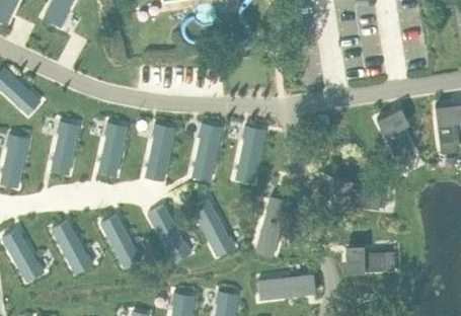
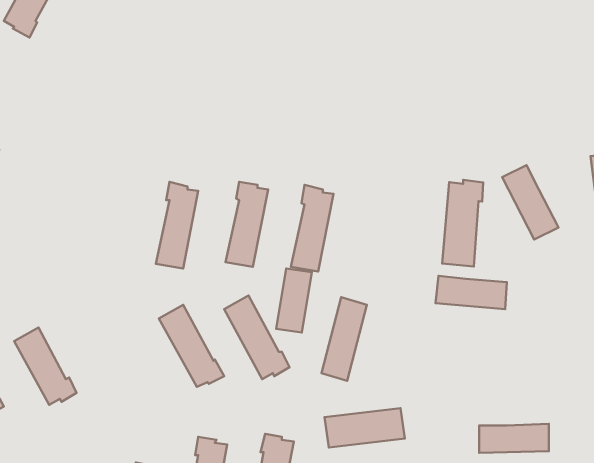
building: [51,121,79,174] -> none
building: none -> [442,180,483,267]
building: [99,122,127,175] -> none
building: none -> [276,268,312,333]
building: [100,215,142,266] -> none
building: [348,251,394,270] -> [479,424,549,453]

